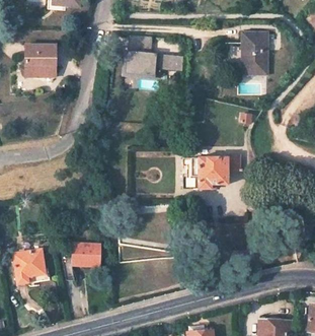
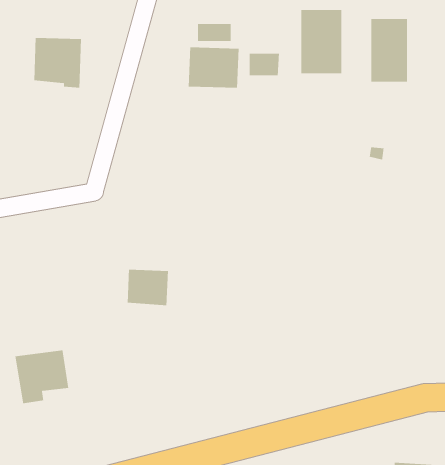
building: none -> [300,9,342,74]
building: [198,153,242,188] -> none
building: [73,242,100,266] -> [127,269,169,306]

